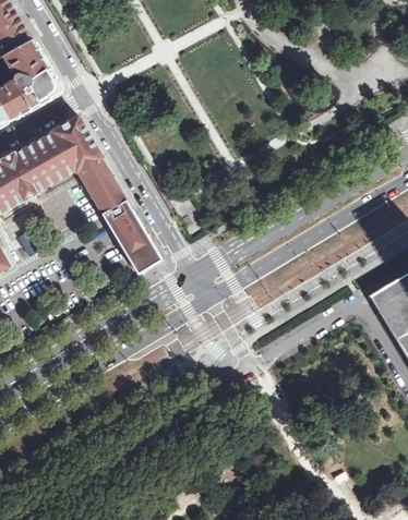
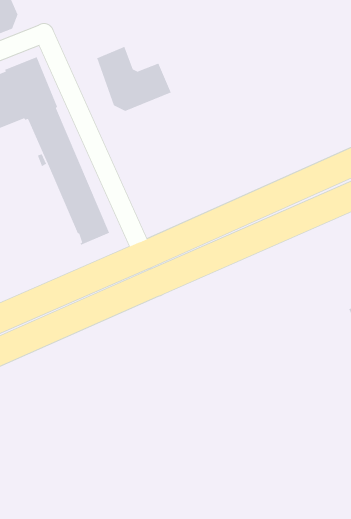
building: none -> [96,46,172,112]

